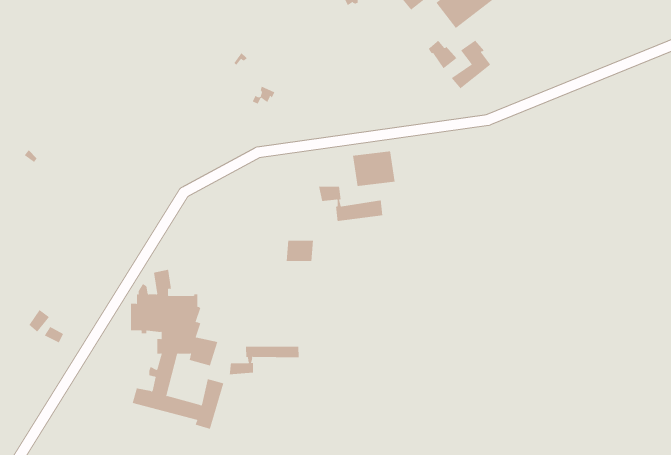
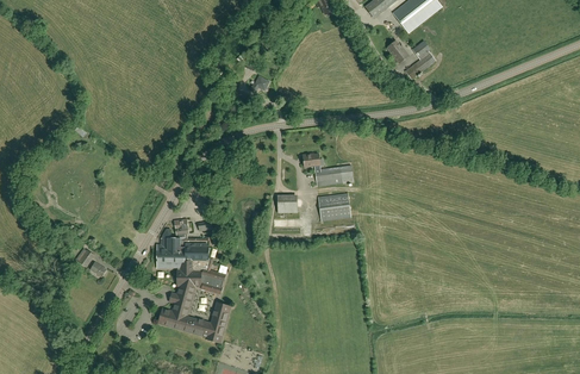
building: [352,151,395,186] -> [318,194,351,222]
building: [229,346,299,375] -> none

